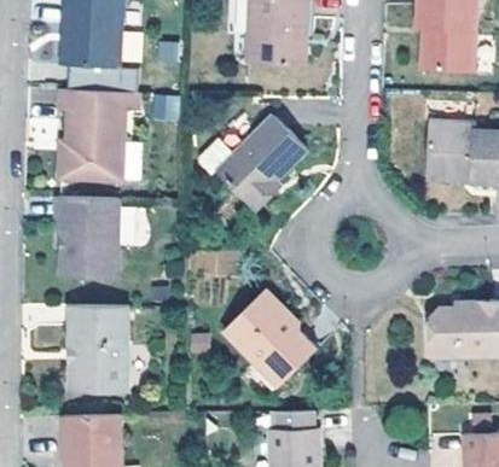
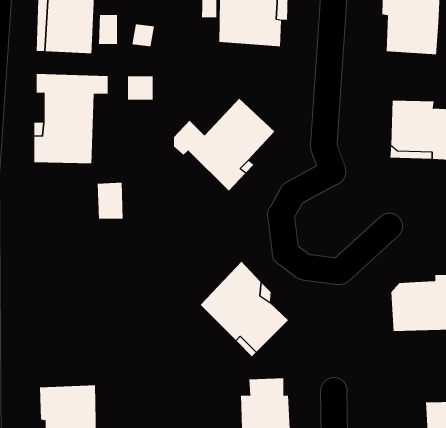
building: [52,199,115,279] -> none
building: [65,307,126,393] -> none

